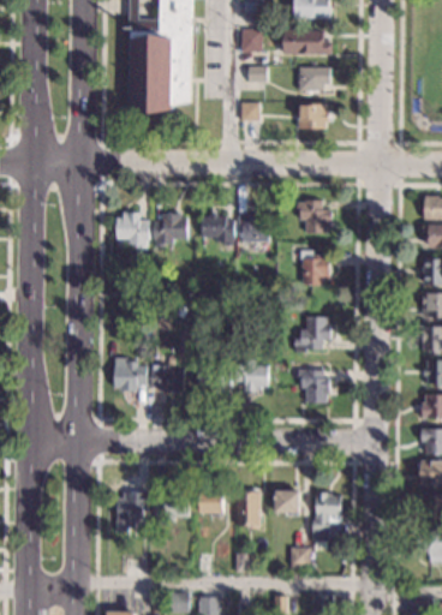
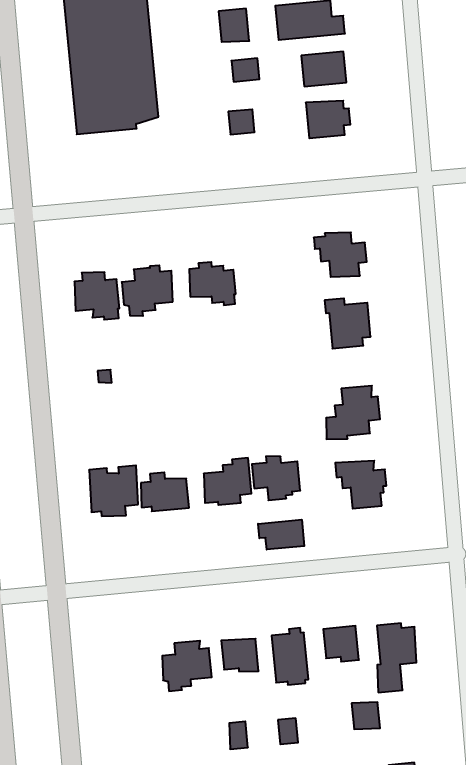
building: [238,213,270,243] -> none
building: none -> [258,520,304,550]
building: [117,492,148,532] -> none

